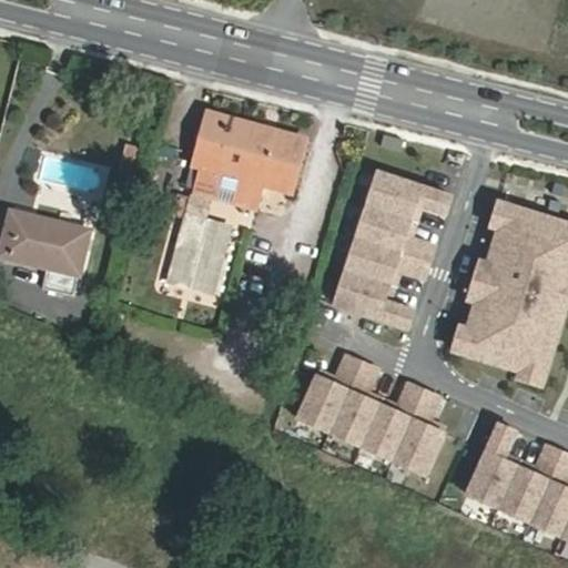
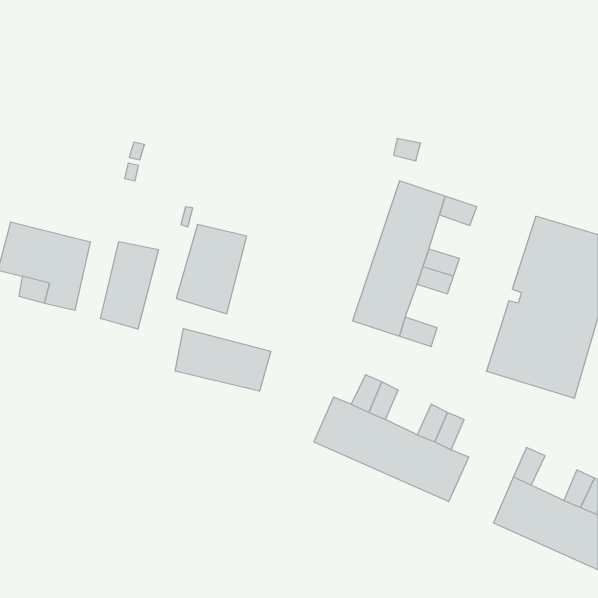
building: [191,110,314,209] -> none
building: none -> [101,242,158,329]
building: none -> [175,329,271,391]

